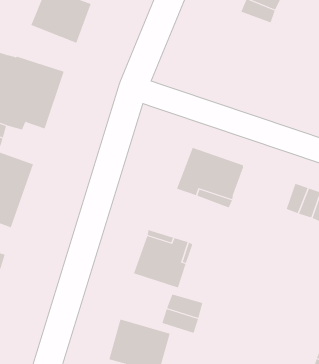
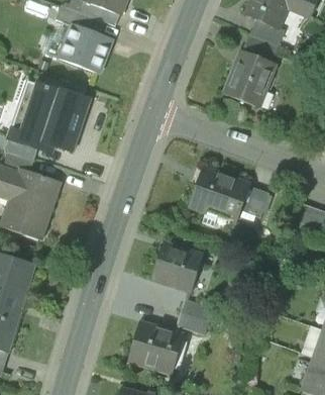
building: none -> [223,50,277,105]
building: none -> [240,185,269,216]

